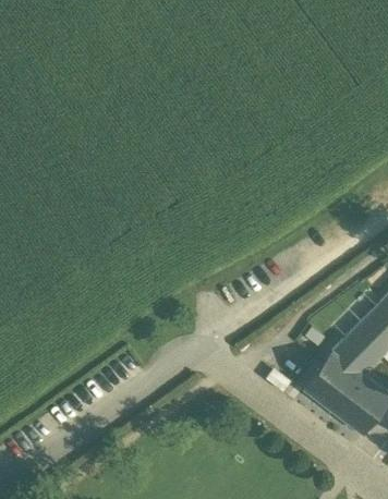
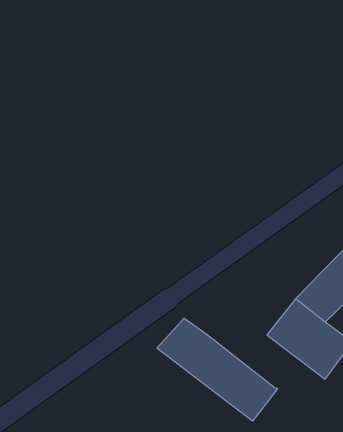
building: none -> [157,318,278,421]

